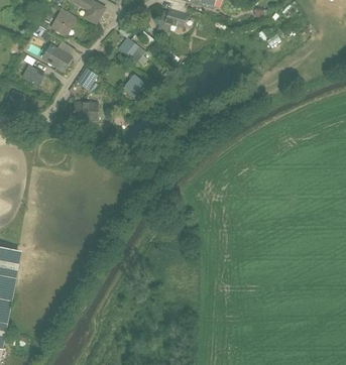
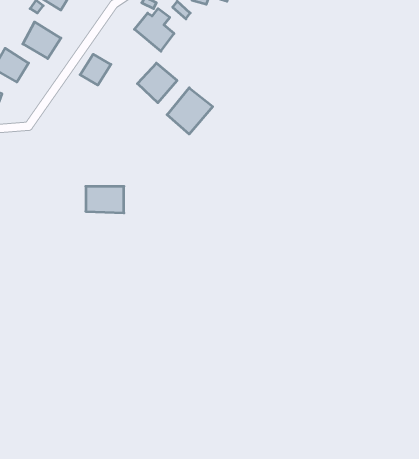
building: none -> [167,88,213,134]
building: [71,102,97,120] -> [86,186,124,213]

